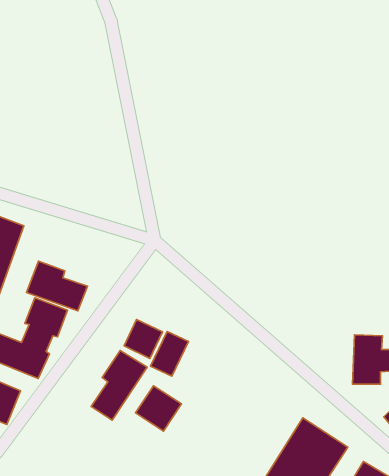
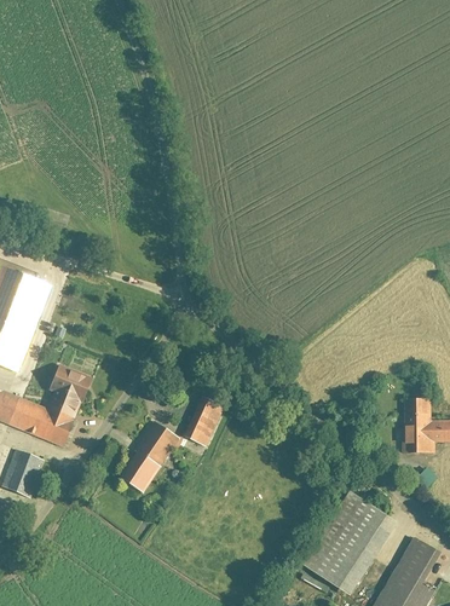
building: [27,261,87,311] -> none
building: [124,319,162,358] -> none
building: [135,386,182,431] -> none

